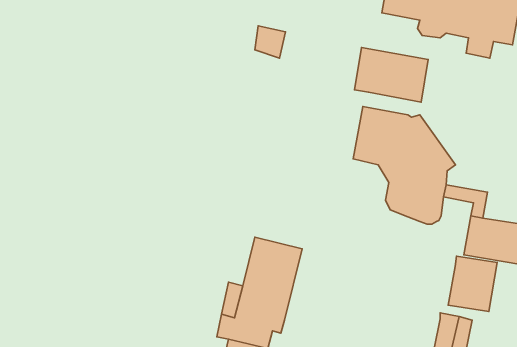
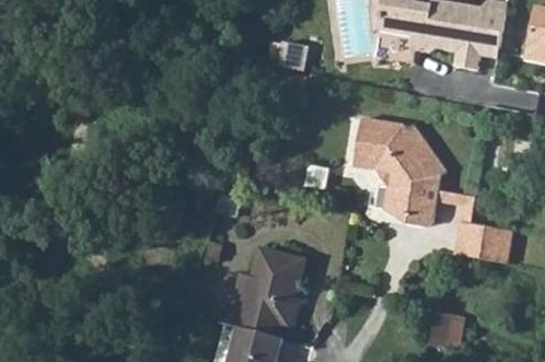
building: [355,47,428,102] -> none
building: [448,256,497,311] -> none

